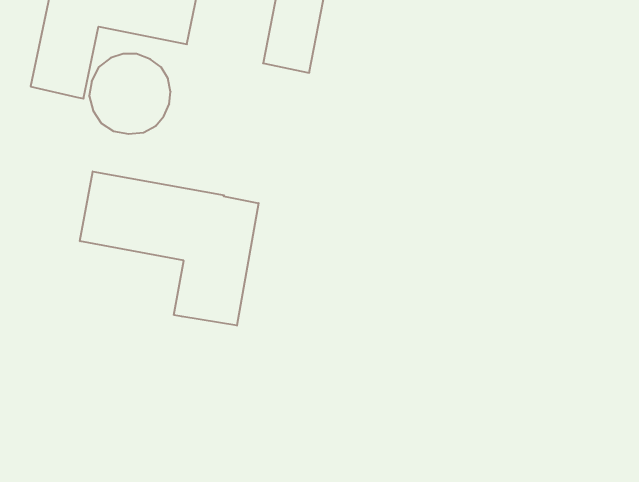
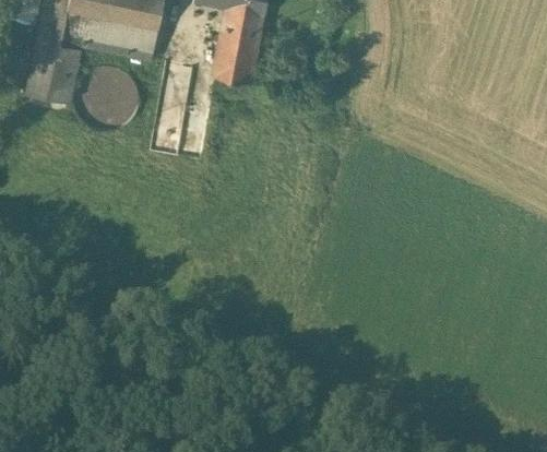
building: [80,171,259,326] -> none

